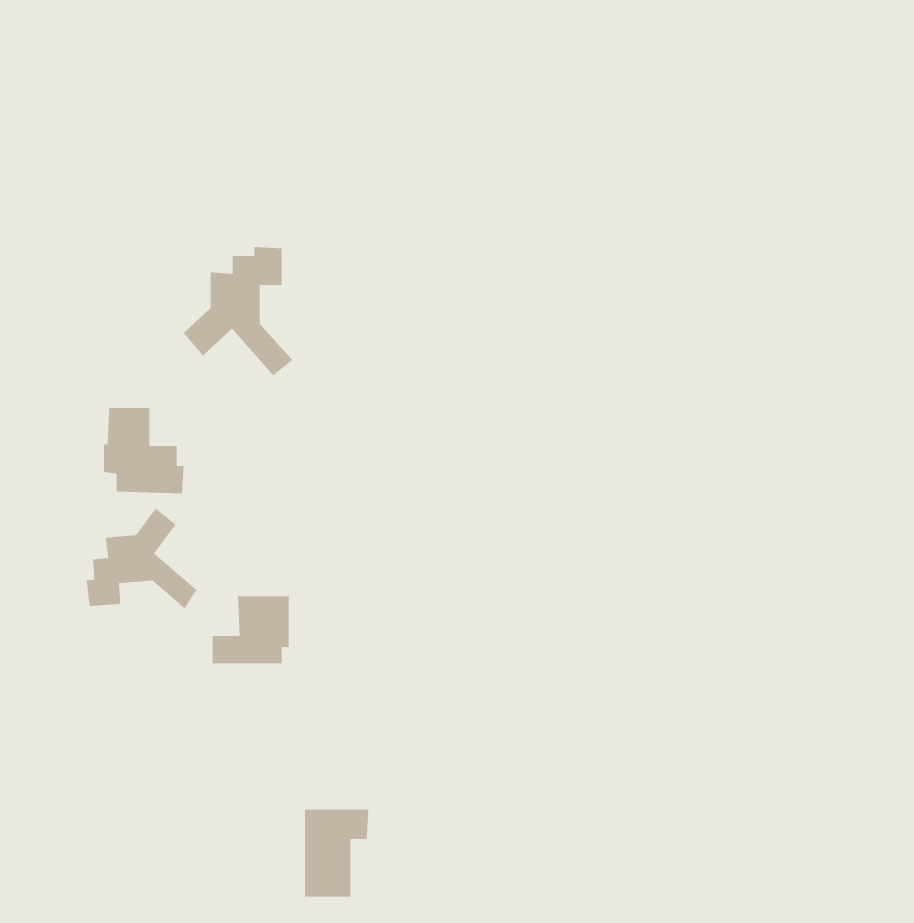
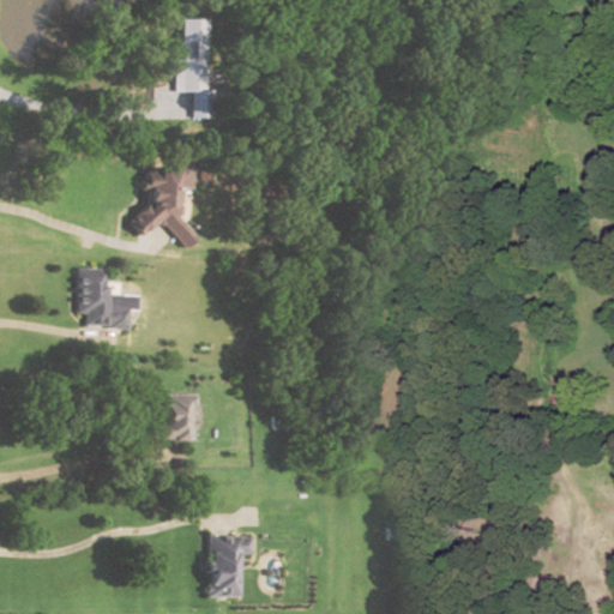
building: none -> [176,19,216,118]
building: [86,507,198,610] -> none

